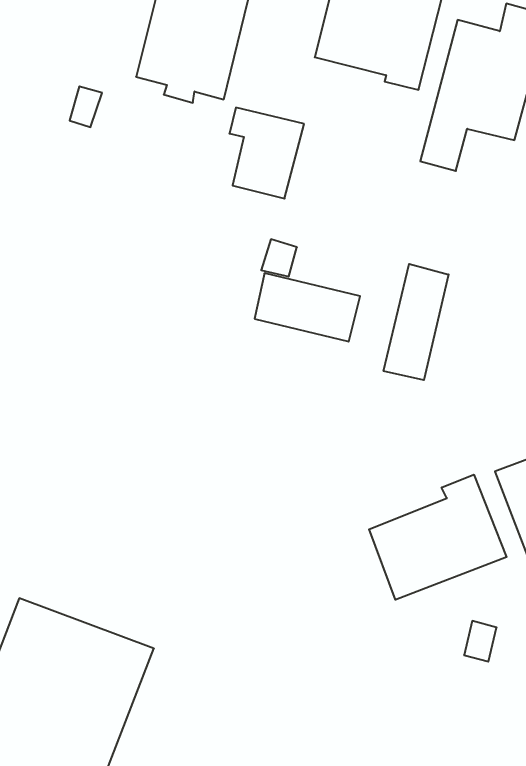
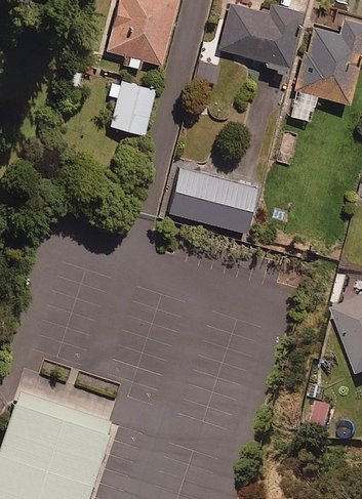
building: [229,108,304,199] -> [109,86,156,143]
building: [384,264,449,380] -> none
building: [369,475,507,600] -> none

